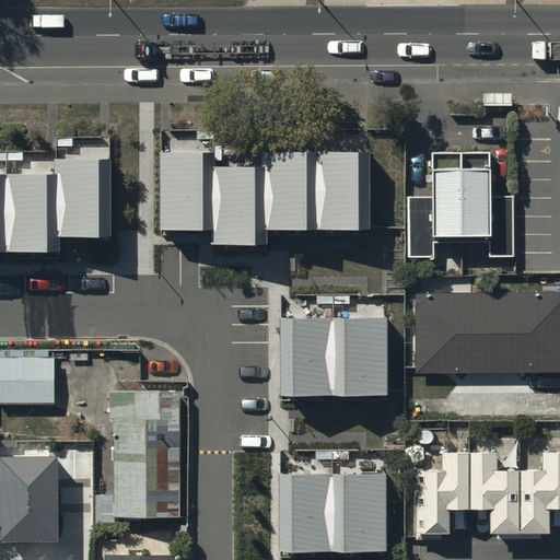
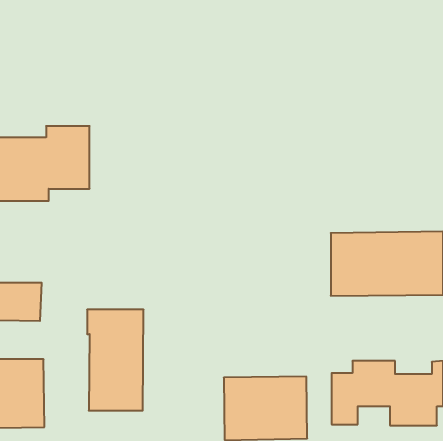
building: [161,150,371,244] -> none
building: [407,170,512,257] -> none
building: [280,317,389,397] -> none

